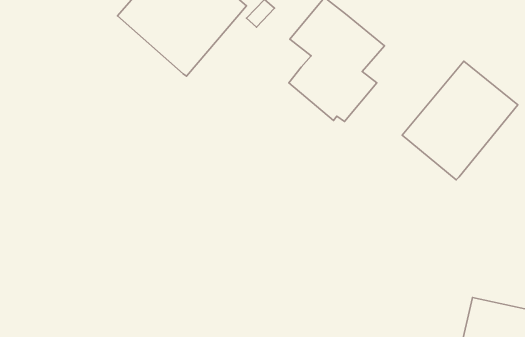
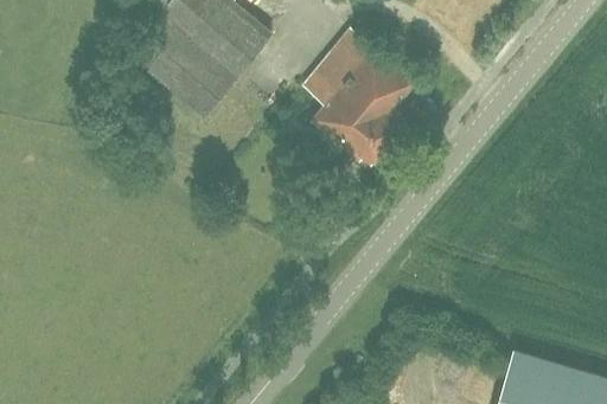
building: [402,61,518,180] -> none

